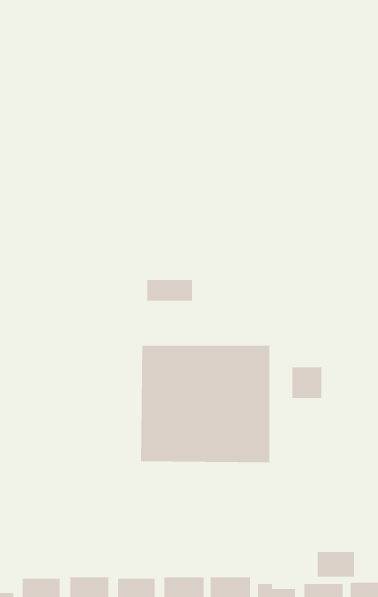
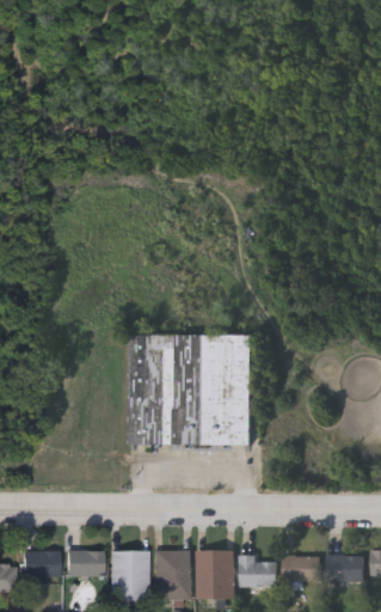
building: [147,279,193,301] -> none
building: [292,367,322,399] -> none
building: [317,551,355,578] -> none

